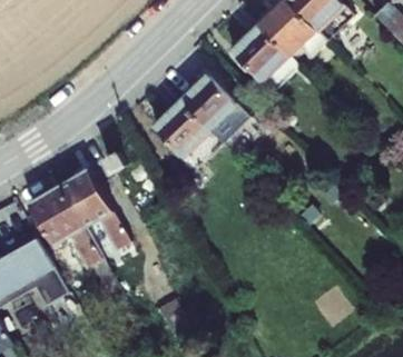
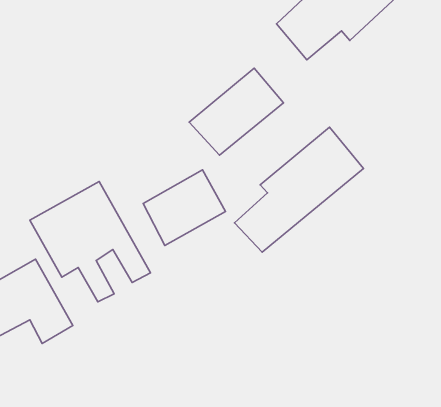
building: none -> [235,127,364,252]
building: none -> [143,170,226,246]

